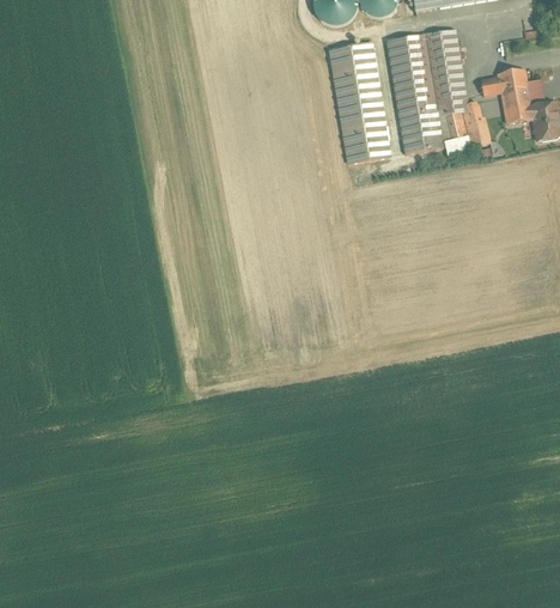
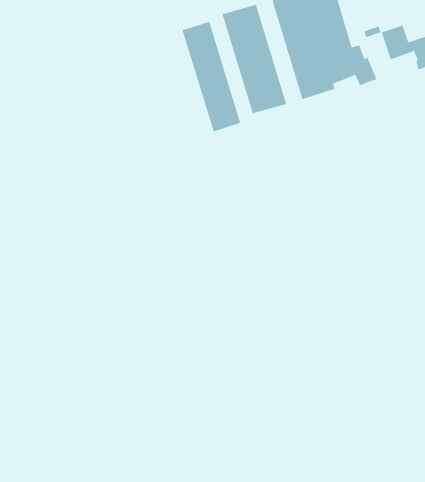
building: none -> [182,21,241,132]
building: [480,68,525,90] -> none

